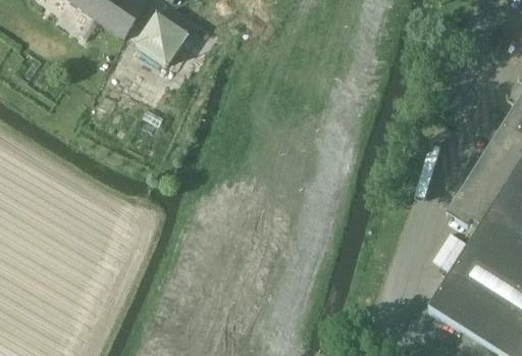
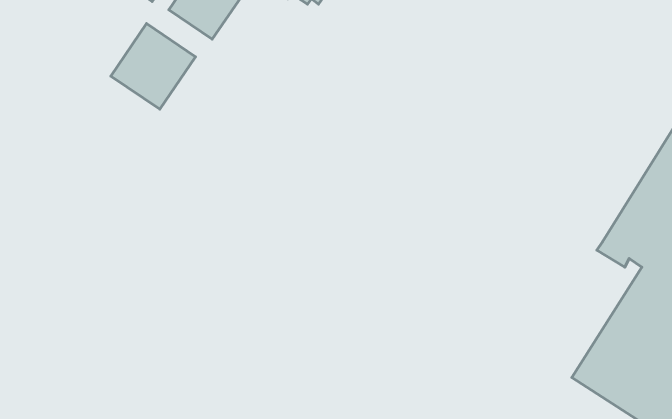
building: none -> [111,24,195,109]

